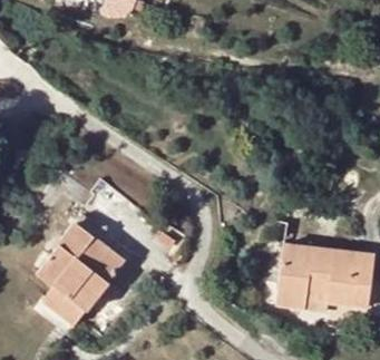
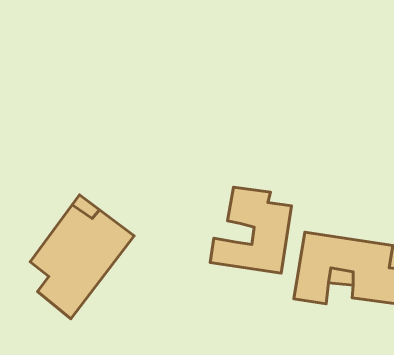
building: none -> [210,187,292,273]

